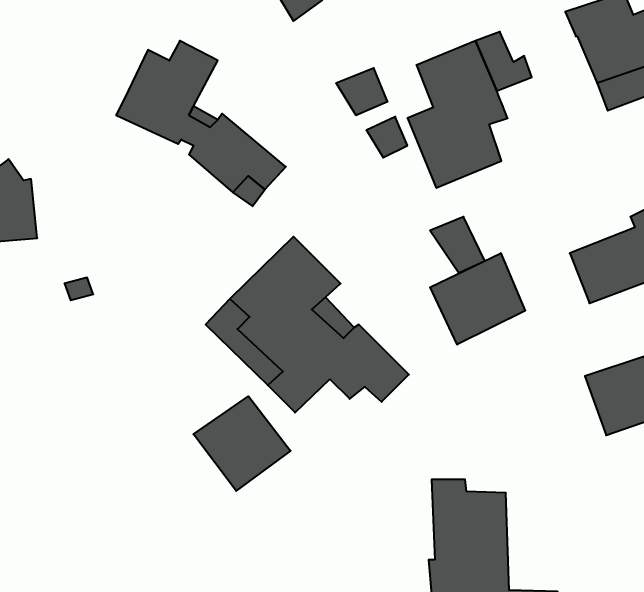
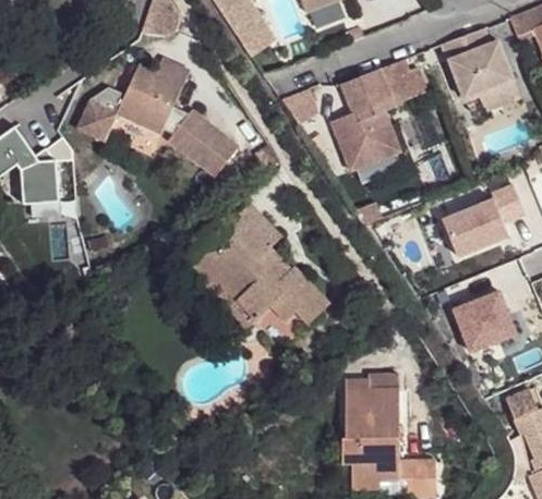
building: none -> [80,93,129,145]
building: [430,253,525,345] -> none
building: [193,396,291,491] -> none

